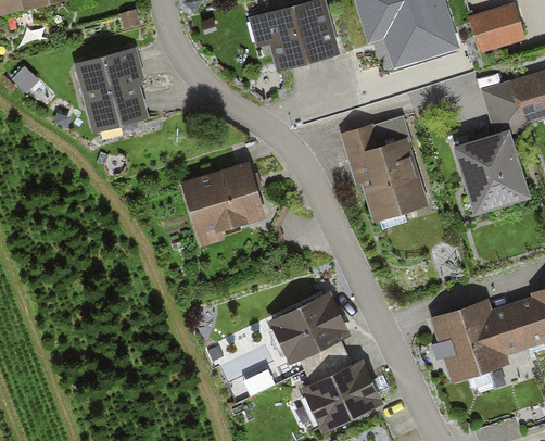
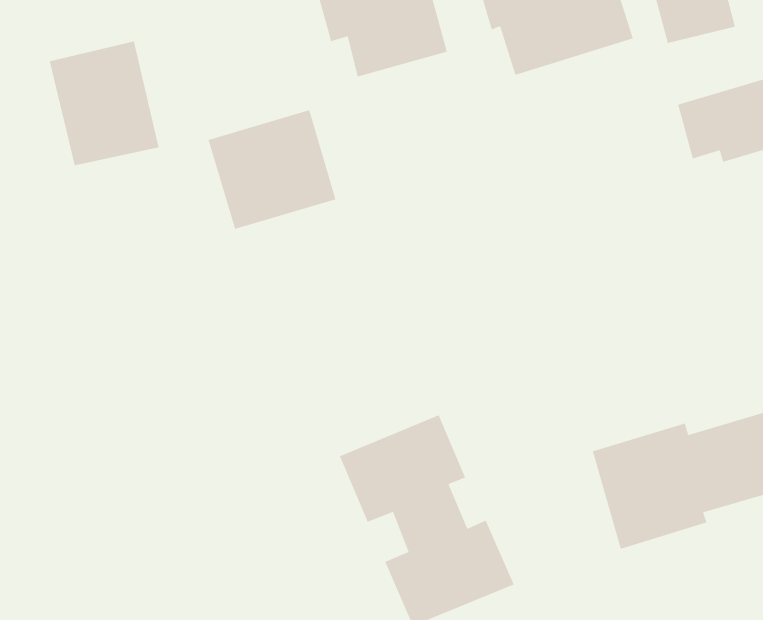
building: [341,118,429,220] -> none
building: [455,134,525,215] -> none
building: [185,165,268,243] -> [208,109,337,230]

